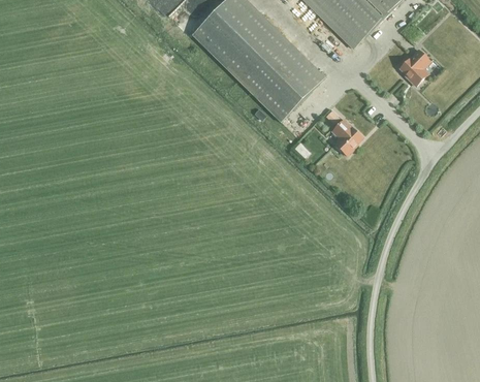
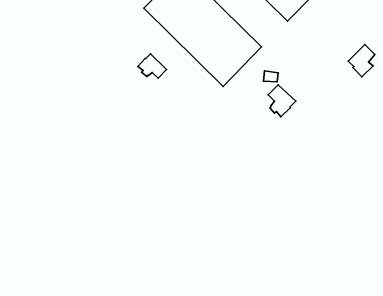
building: [398,49,428,85] -> [348,45,375,77]
building: none -> [138,54,166,78]

